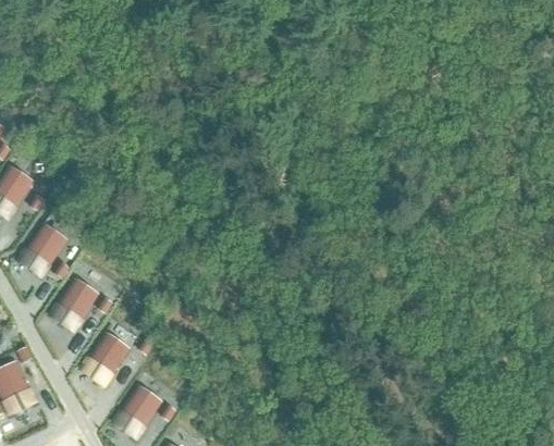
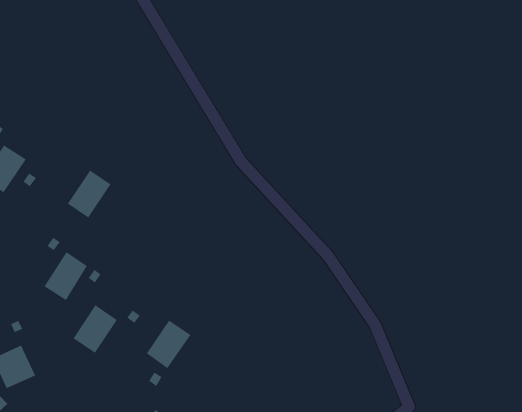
building: [19,222,65,273] -> [67,170,111,218]
building: [114,384,162,436] -> [146,319,192,369]

